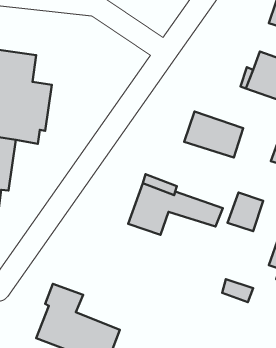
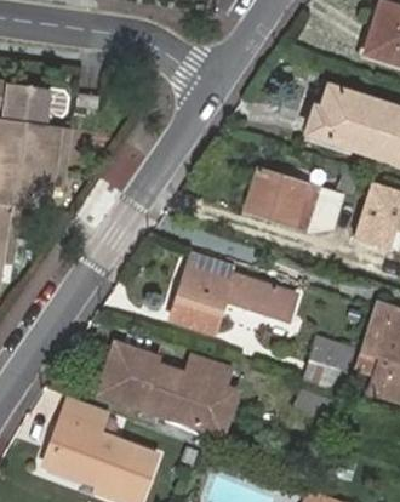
building: [227,192,263,231] -> [305,335,353,386]
building: none -> [93,338,238,435]

